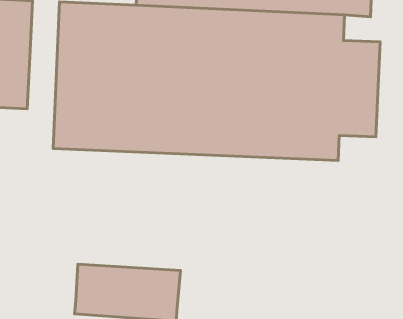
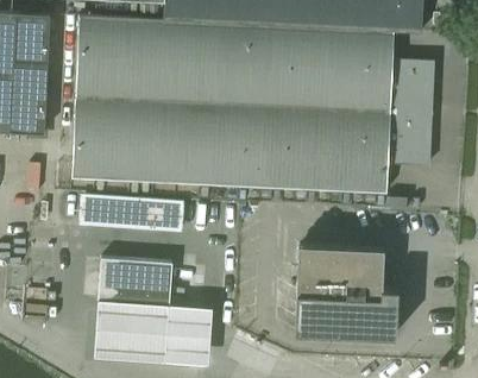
building: none -> [80,194,183,233]
building: none -> [294,244,397,334]
building: none -> [96,257,171,305]

